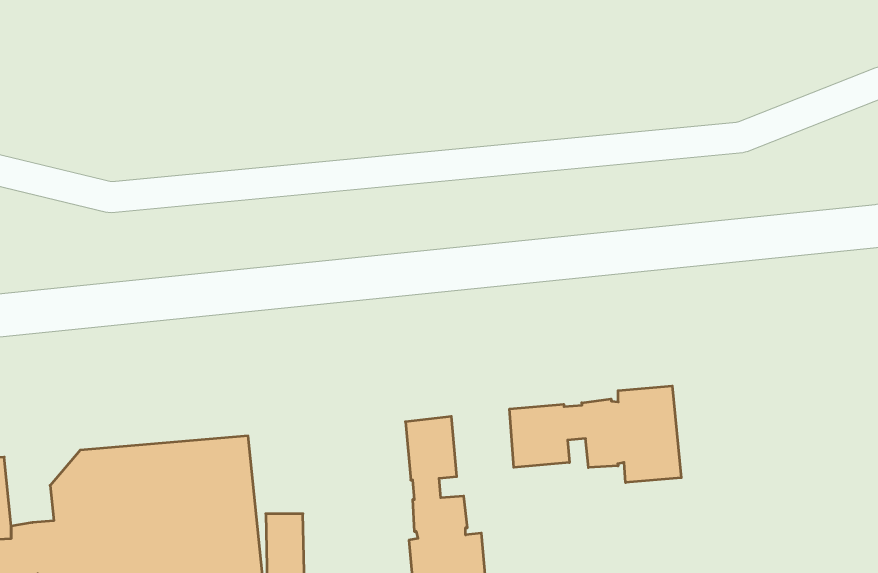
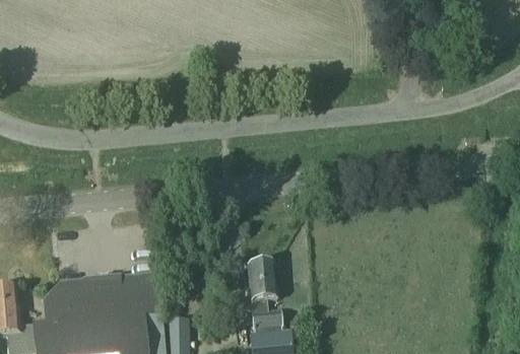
building: [510,386,681,483] -> none

